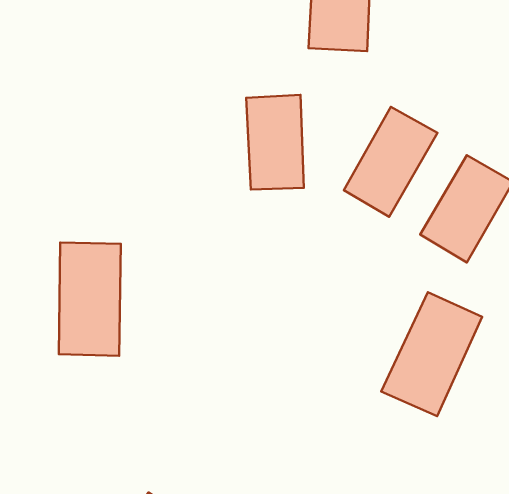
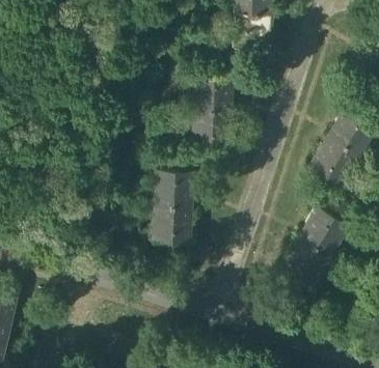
building: [344,107,437,217] -> none
building: [59,242,121,356] -> [150,169,191,245]

